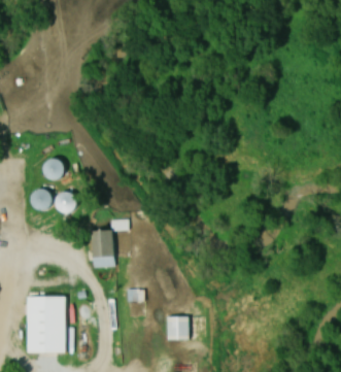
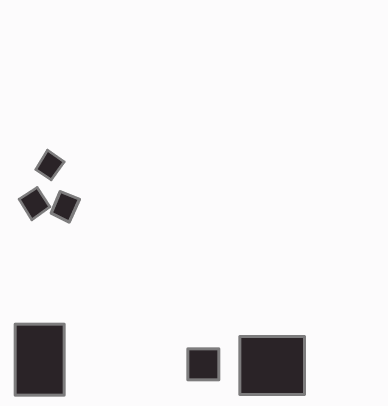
building: [91,221,125,267] -> none
building: none -> [240,336,305,394]

